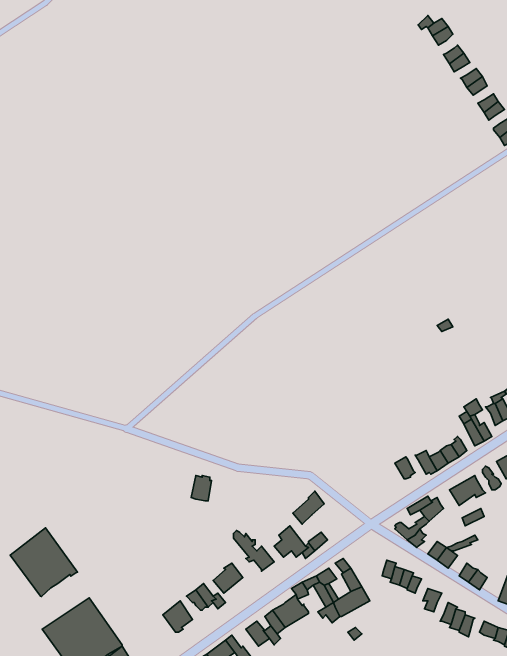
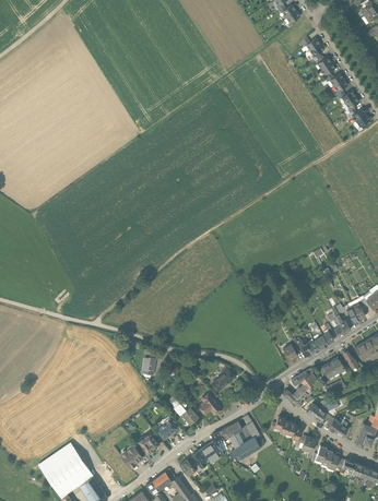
building: [10,528,77,597] -> none

